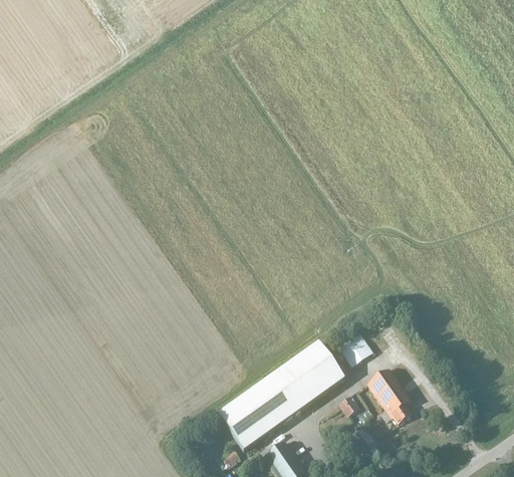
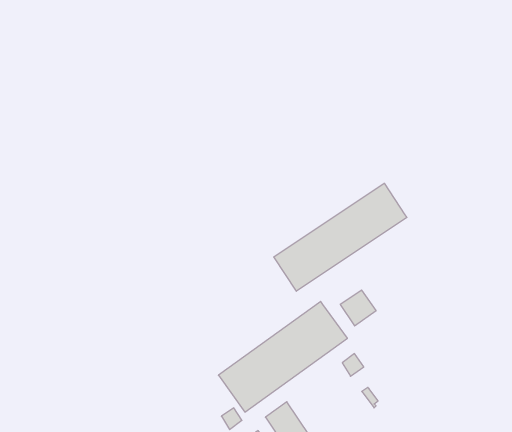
building: none -> [274,183,407,291]
building: [367,366,413,422] -> none

